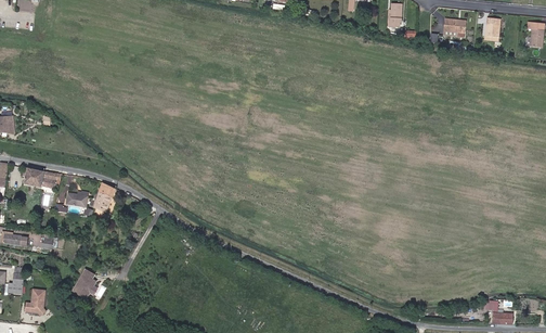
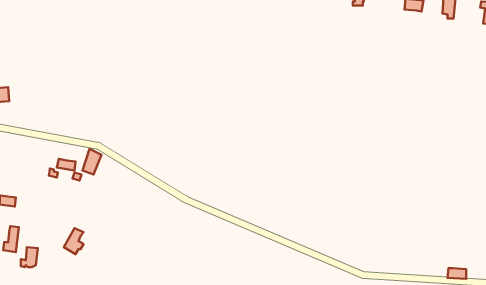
building: [23,167,61,188] -> none

